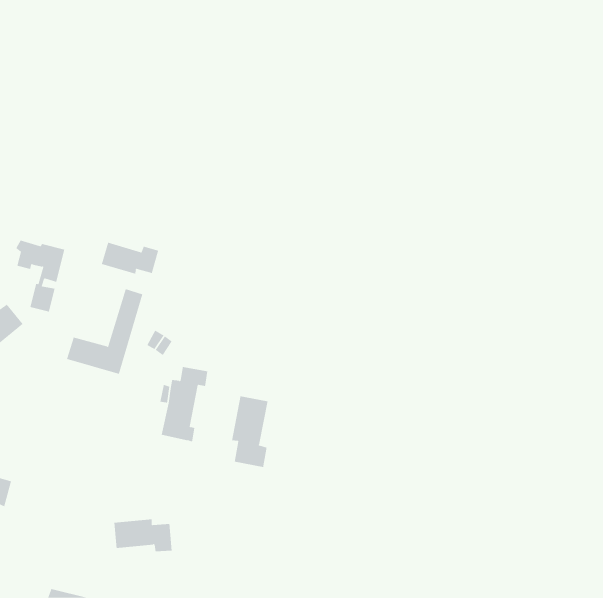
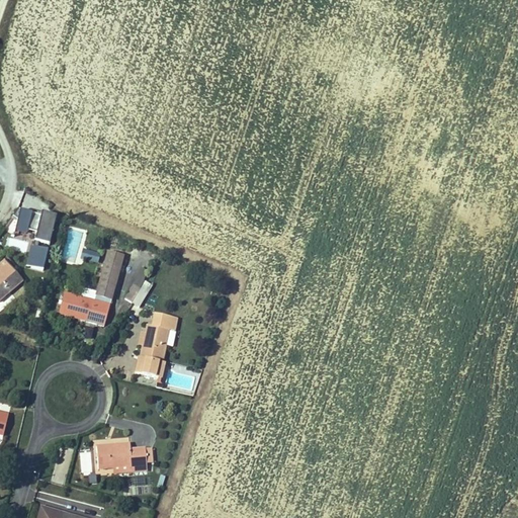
building: [101,242,159,275] -> none
building: [231,395,268,468] -> none

